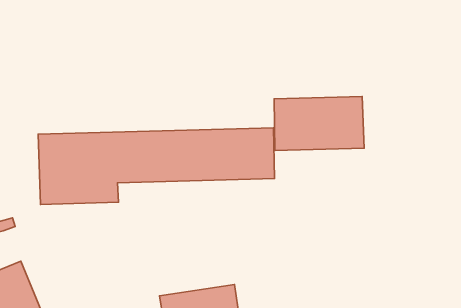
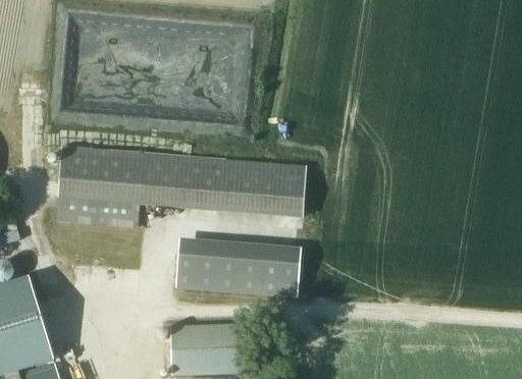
building: [274,97,364,151] -> none
building: none -> [175,241,300,299]

